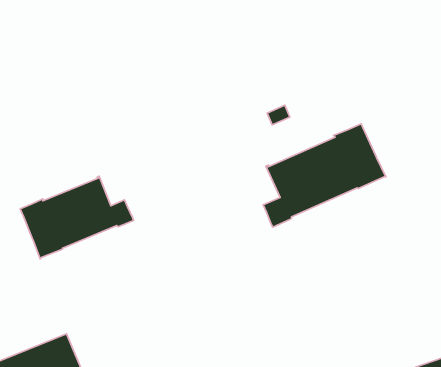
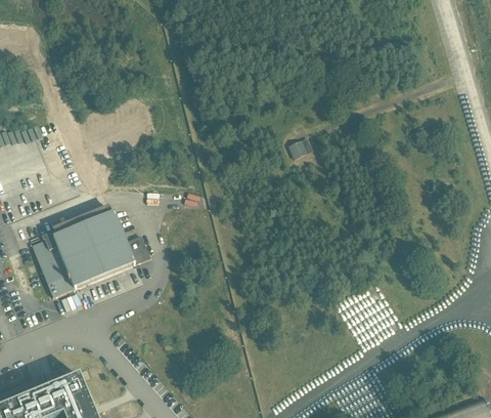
building: [263,124,386,227] -> none

